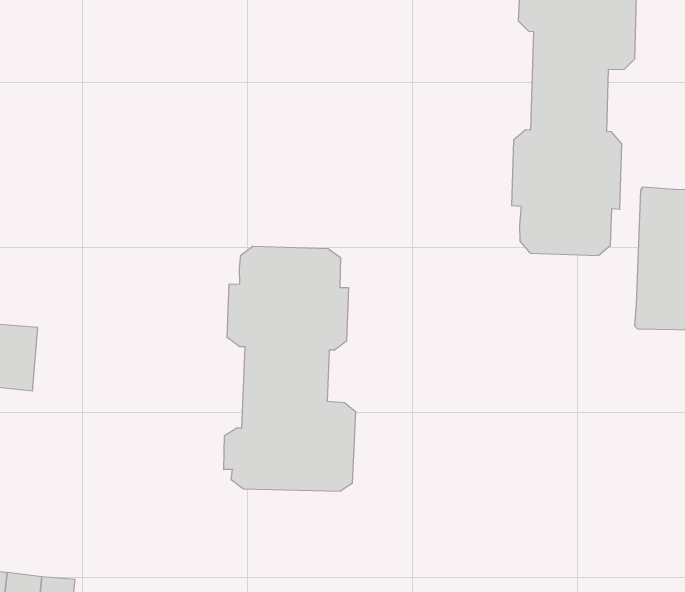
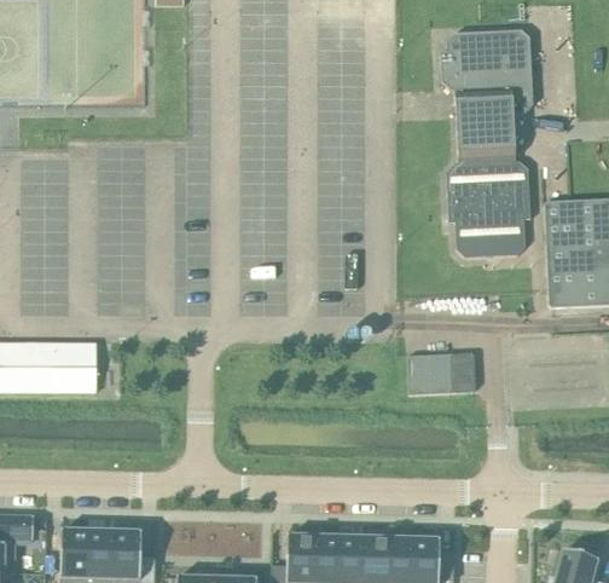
building: [224,246,355,491] -> none
building: none -> [407,353,476,396]

